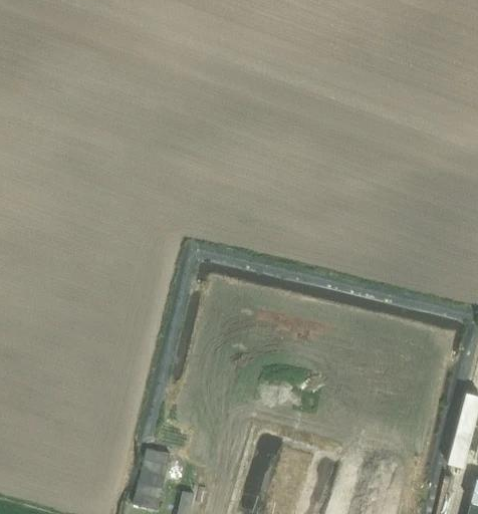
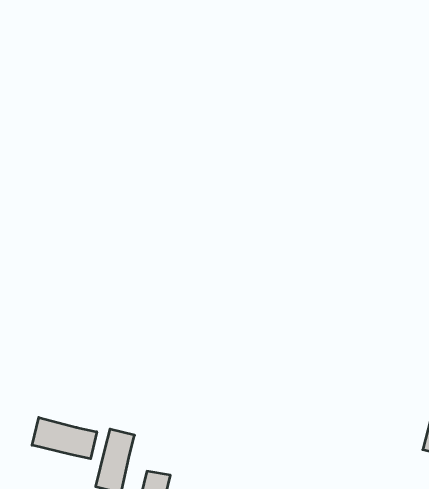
building: none -> [32,417,97,459]

